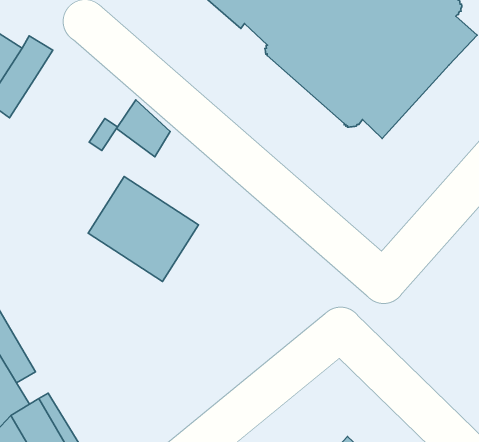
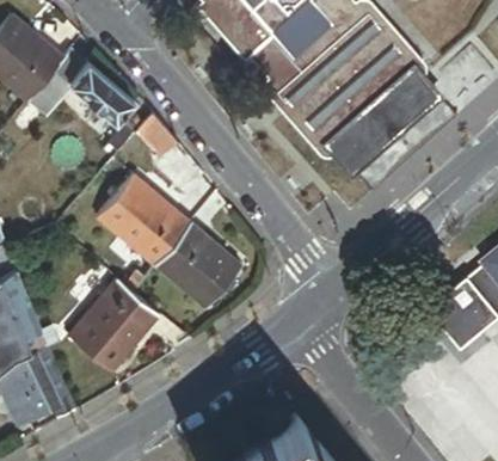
building: none -> [70,62,133,122]
building: none -> [154,222,242,308]
building: none -> [68,278,158,370]

